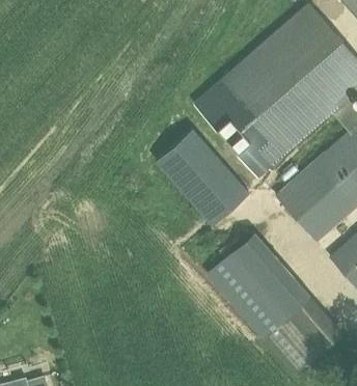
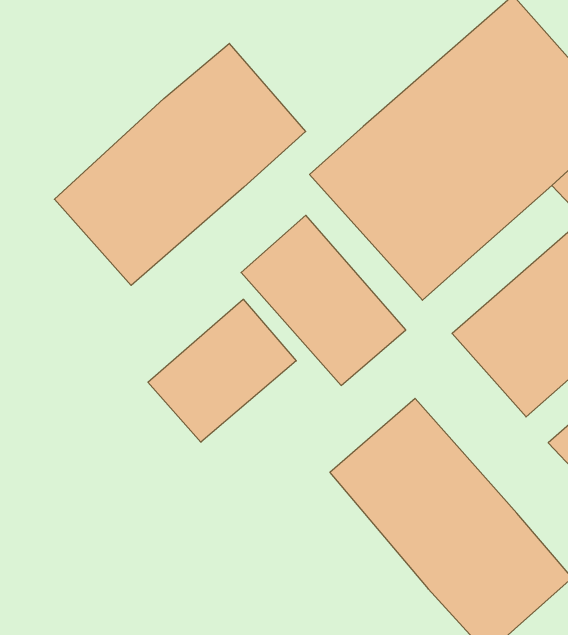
building: none -> [54,43,306,285]
building: none -> [148,299,296,442]

